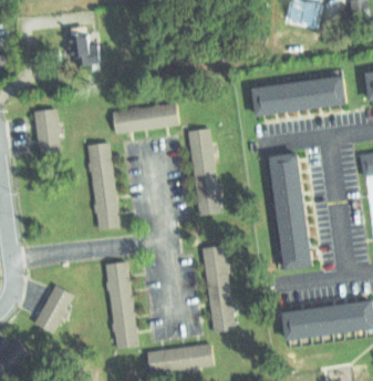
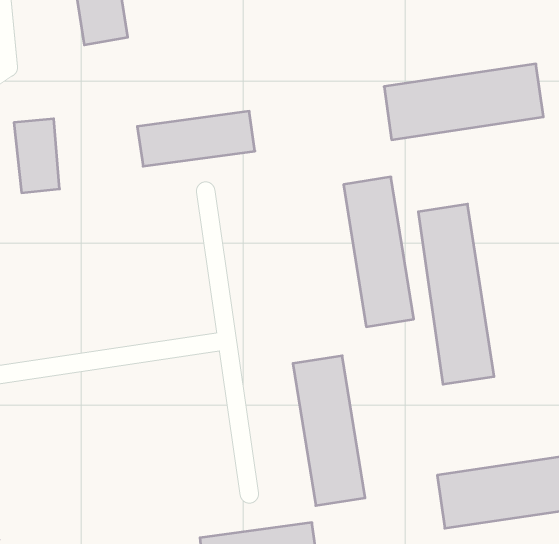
building: [186,125,227,213] -> [344,177,414,327]
building: [81,141,122,228] -> none
building: [100,260,142,349] -> none
building: [33,288,71,336] -> none

